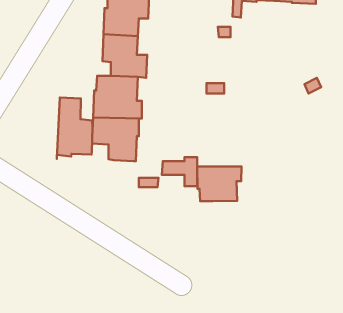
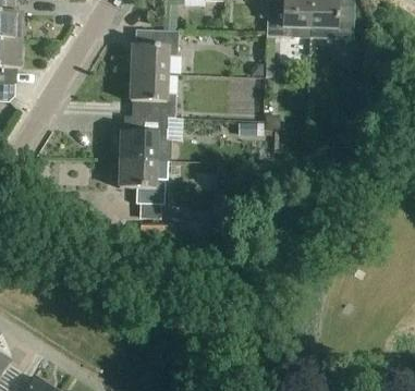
building: [57,98,92,159] -> none
building: [197,167,242,201] -> none

